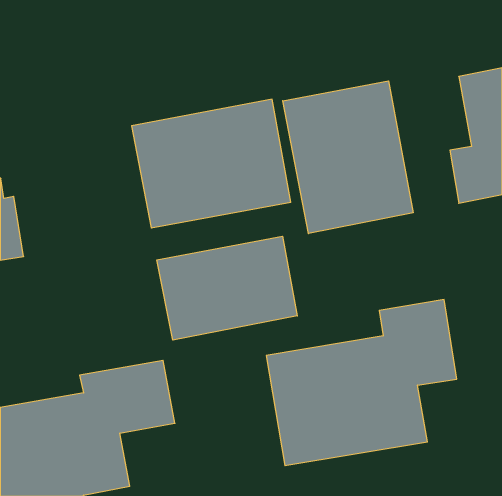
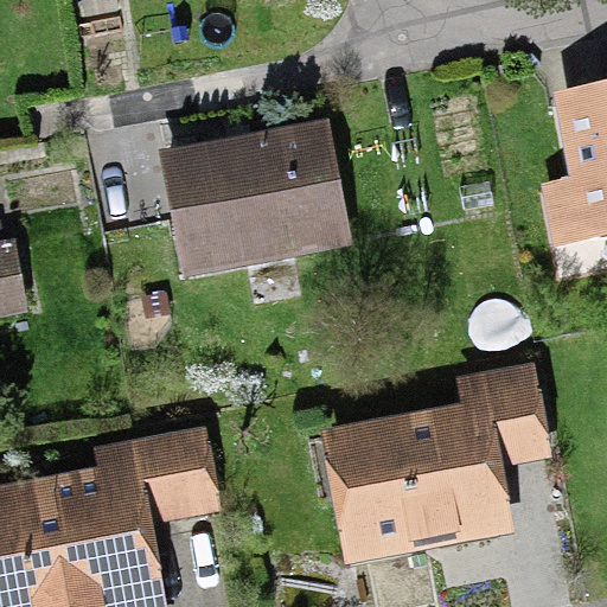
building: [283,81,413,234] -> none
building: [157,236,297,340] -> none

